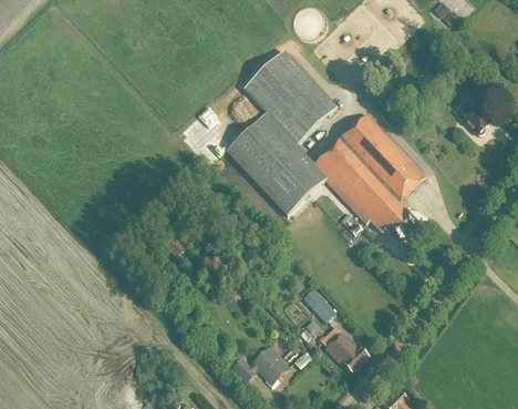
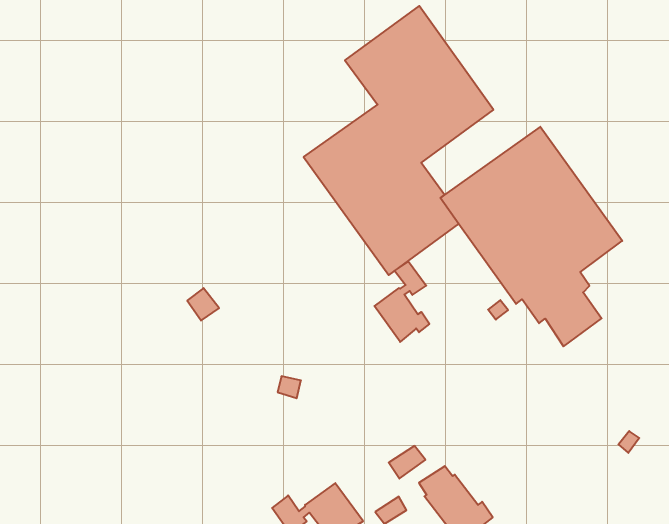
building: none -> [374,262,429,342]
building: [302,286,336,321] -> none

